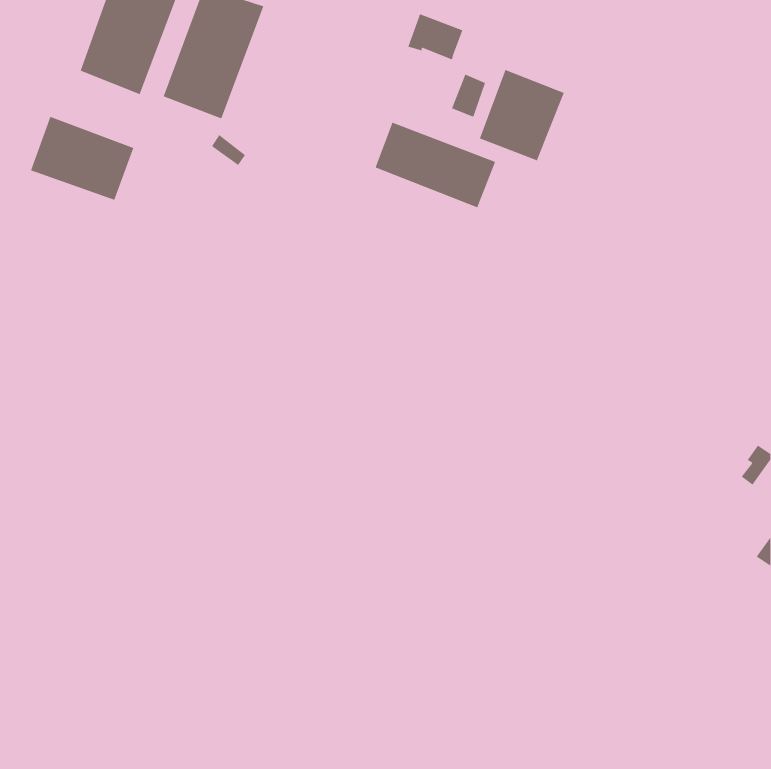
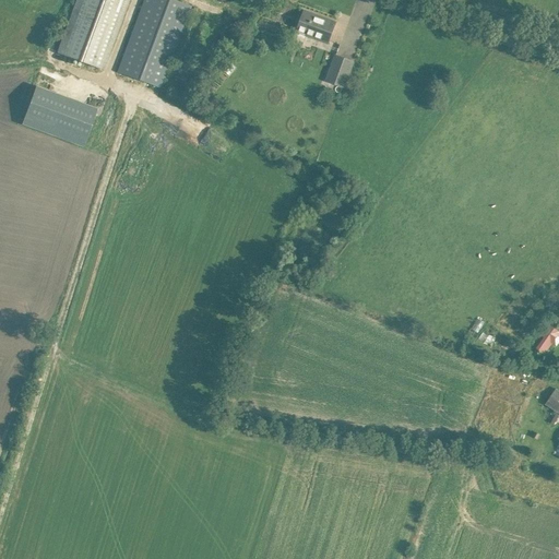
building: [479,69,565,161] -> none
building: [375,122,496,208] -> none

